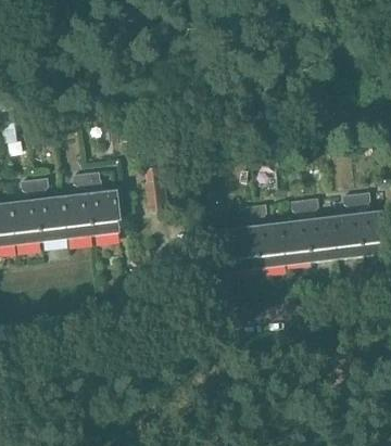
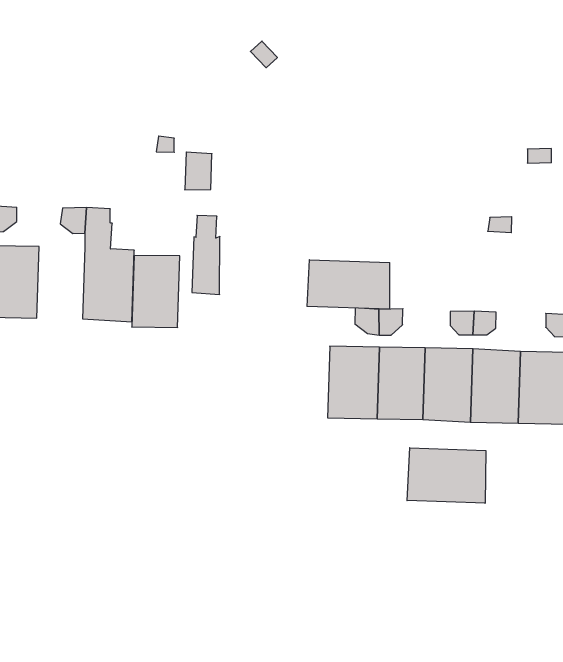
building: none -> [307,260,390,309]
building: [63,193,92,235] -> [132,255,180,327]
building: none -> [407,448,486,503]

